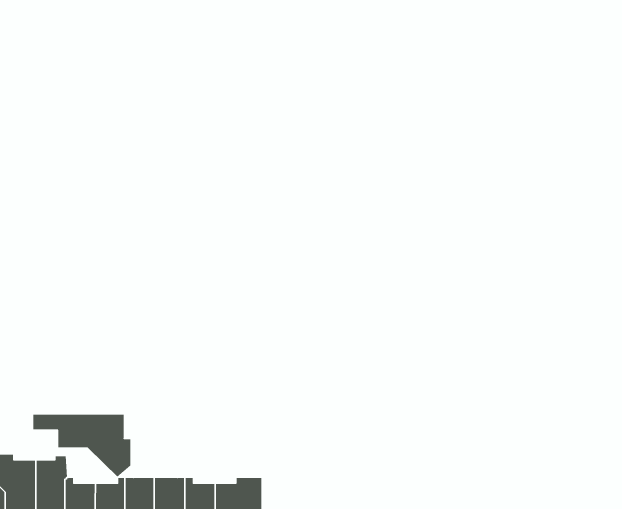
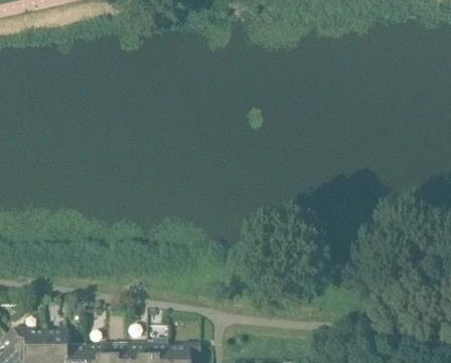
building: [33,414,131,478] -> none

